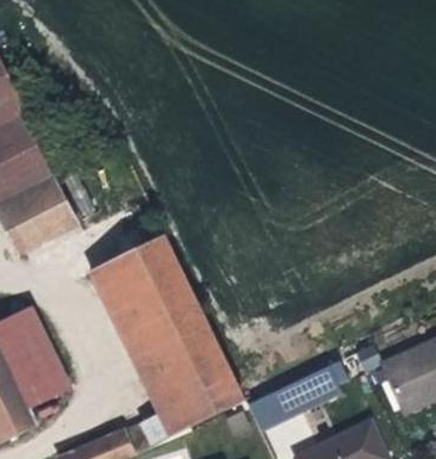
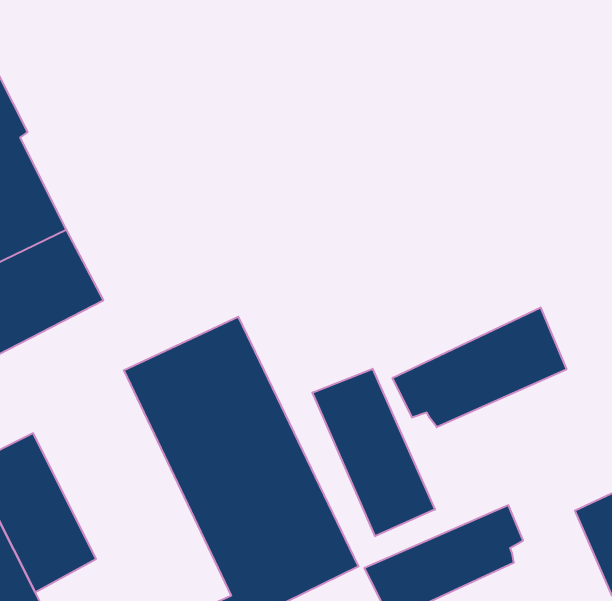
building: none -> [393,307,566,427]
building: none -> [312,369,435,536]

